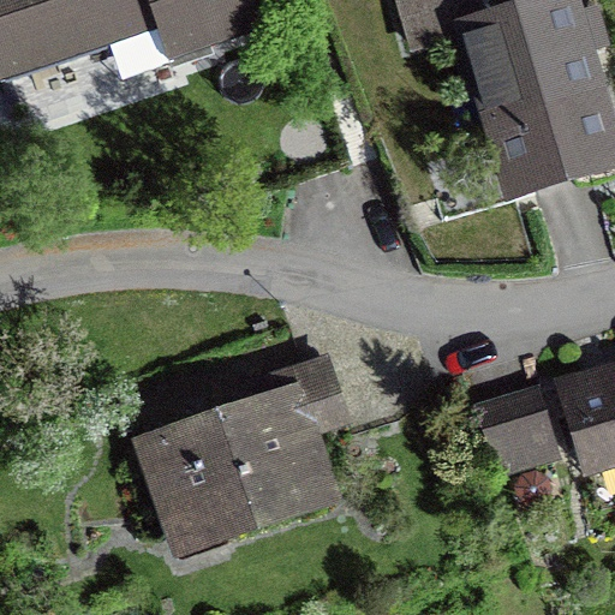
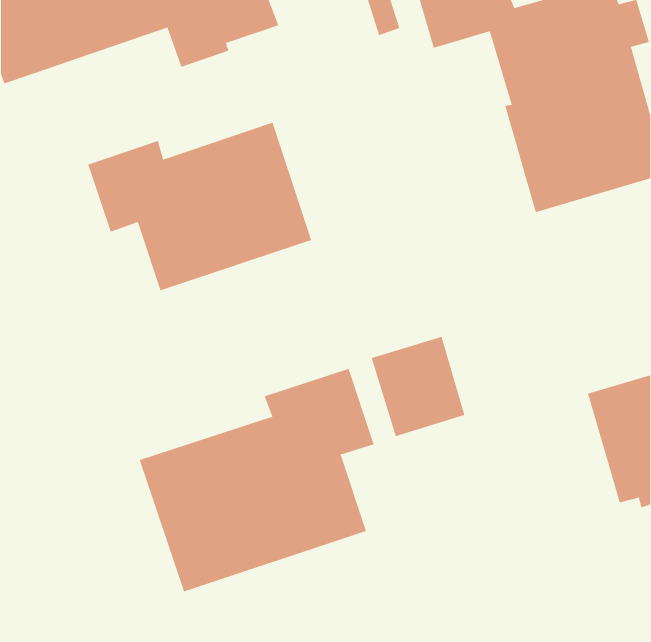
building: none -> [88,122,312,291]
building: [473,378,562,473] -> [371,336,465,437]

